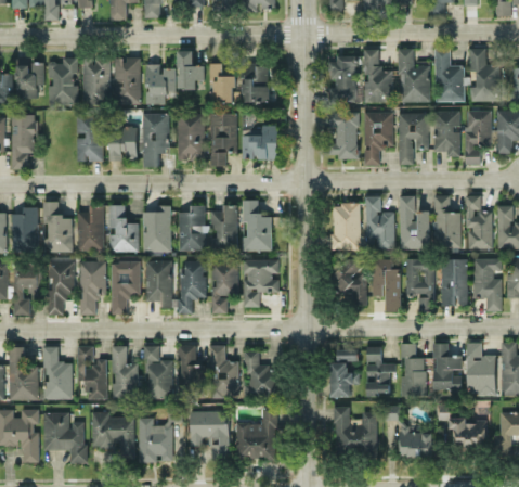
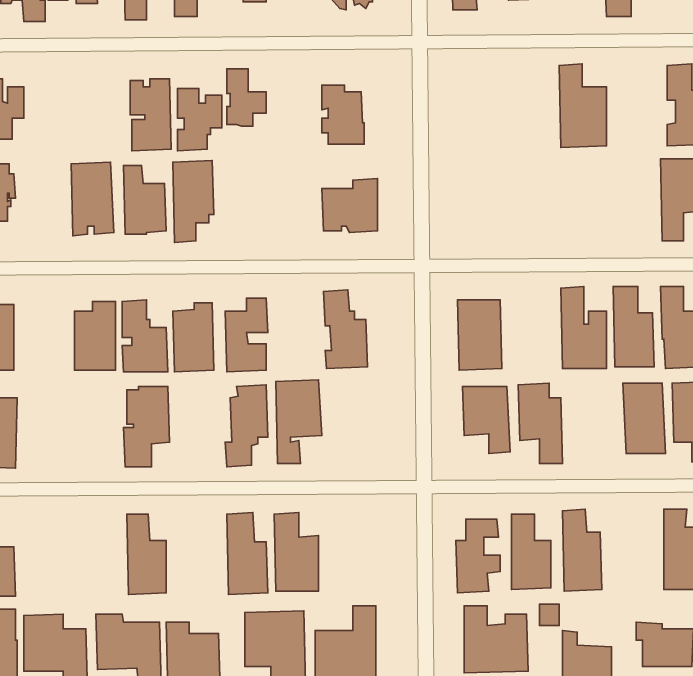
building: [364,49,393,103] -> none
building: [436,49,470,102] -> none
building: [329,55,358,103] -> none
building: [83,57,111,104] -> none
building: [50,59,78,104] -> none
building: [210,63,237,103] -> none
building: [179,112,206,159] -> none
building: [329,112,359,159] -> none
building: [364,112,394,166] -> none
building: [399,112,460,165] -> none
building: [211,113,237,166] -> none
building: [365,196,395,249] -> none
building: [44,202,74,252] -> none
building: [210,205,239,252] -> none
building: [244,259,280,308] -> none
building: [406,259,434,312] -> none
building: [80,260,107,313] -> none
building: [145,260,172,307] -> none
building: [48,261,75,316] -> none
building: [434,343,463,390] -> none
building: [78,346,107,399] -> none
building: [145,346,174,398] -> none
building: [44,347,73,400] -> none
building: [246,350,278,398] -> none

